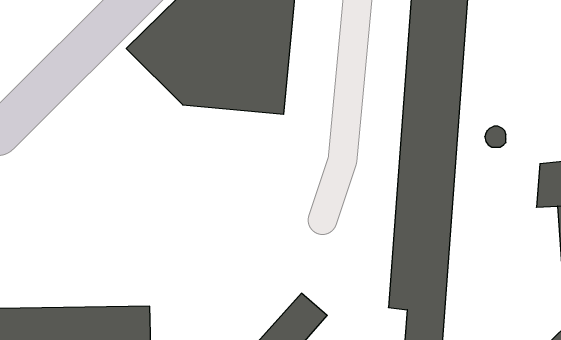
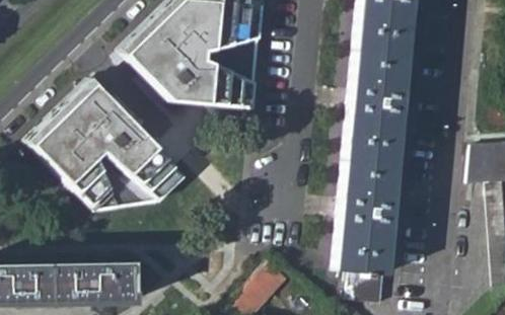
building: none -> [24,77,185,209]

